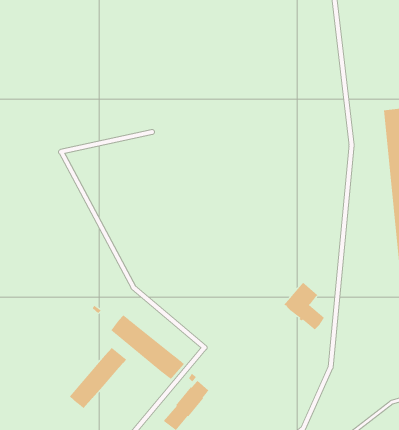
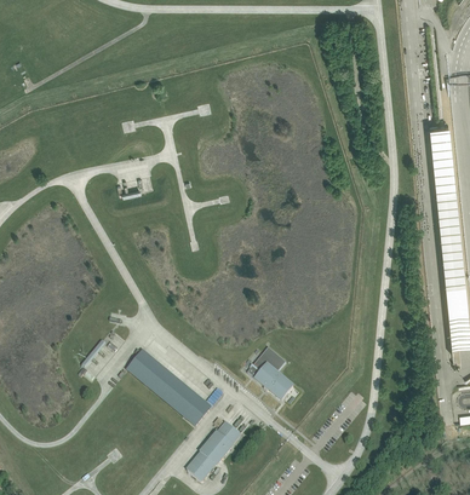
building: [283,282,325,330] -> [247,345,293,398]
building: [69,347,127,410] -> none

